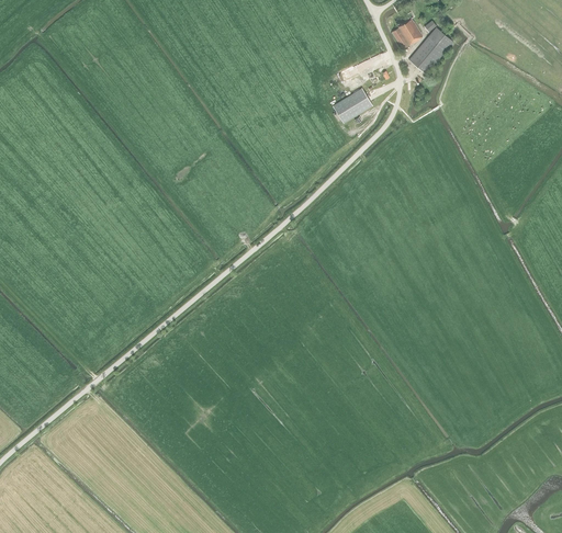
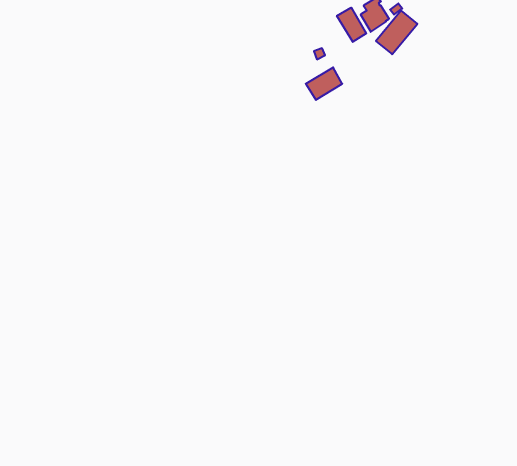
building: none -> [337,8,366,42]

